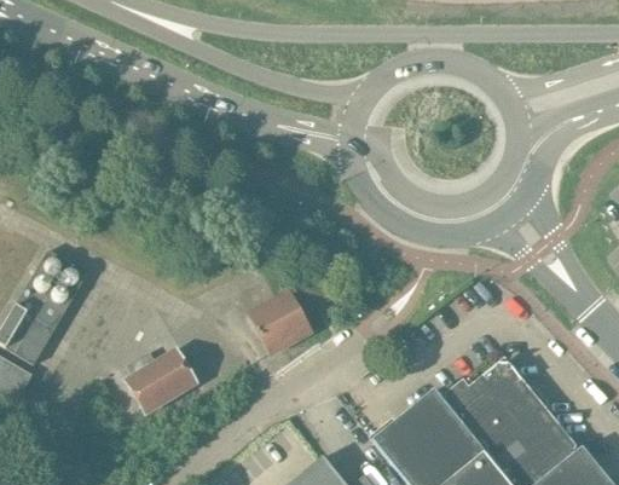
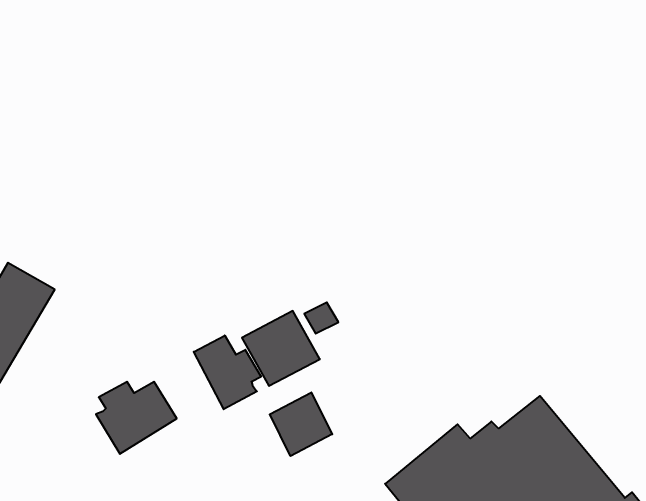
building: none -> [194,335,261,409]
building: none -> [270,392,332,456]

